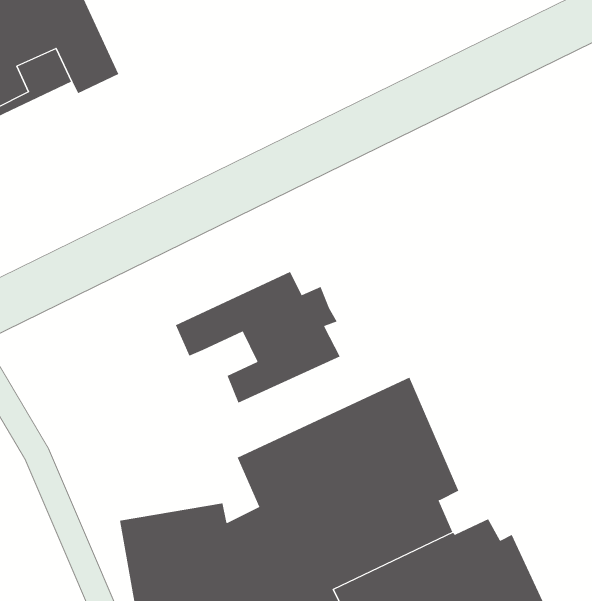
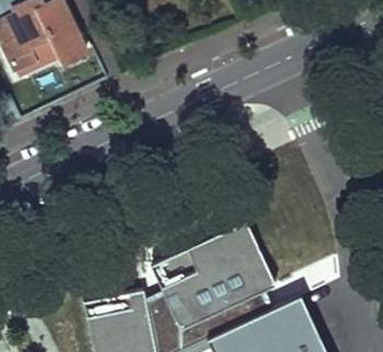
building: [175,271,341,403] -> none

